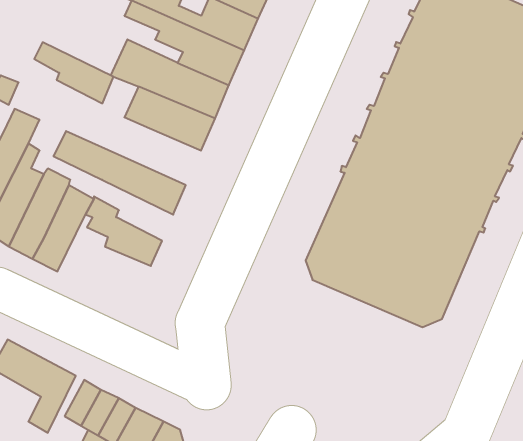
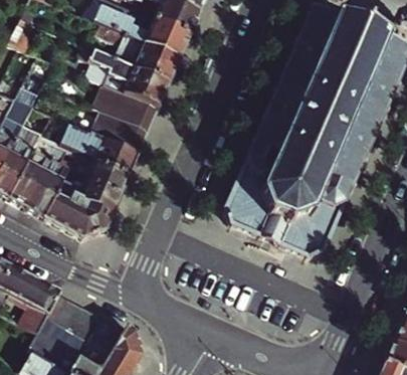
building: [34,42,114,103] -> [73,151,131,195]
building: none -> [103,114,151,155]
building: none -> [47,176,115,237]

